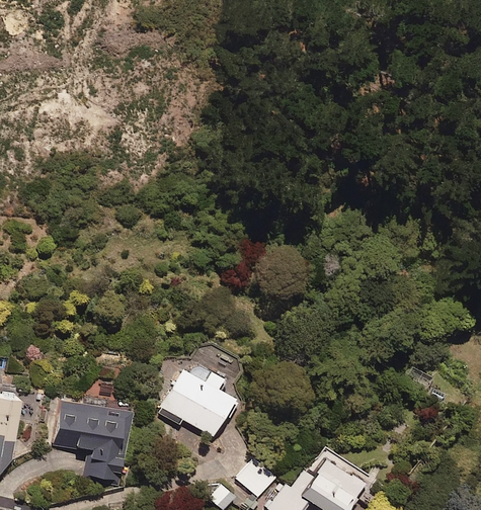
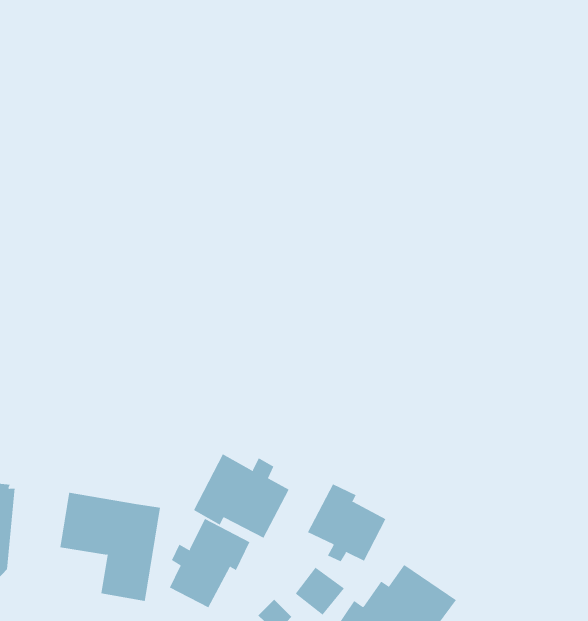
building: none -> [307,483,386,562]
building: none -> [169,518,250,608]

